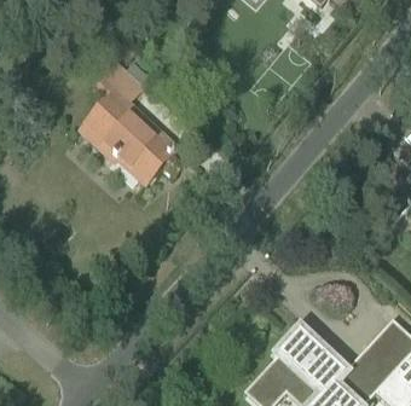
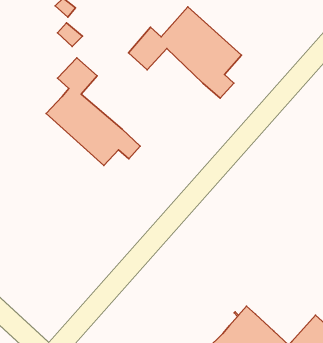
building: none -> [129,7,242,98]

